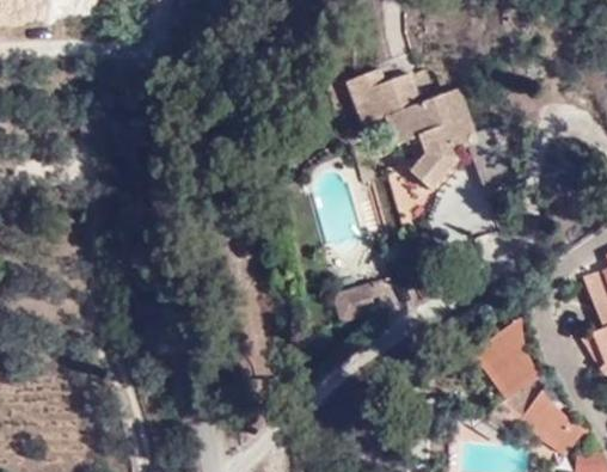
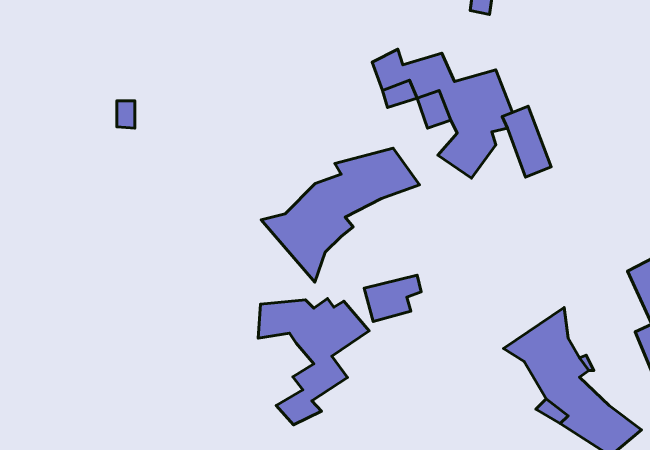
building: none -> [261,148,420,282]
building: none -> [258,298,369,425]

